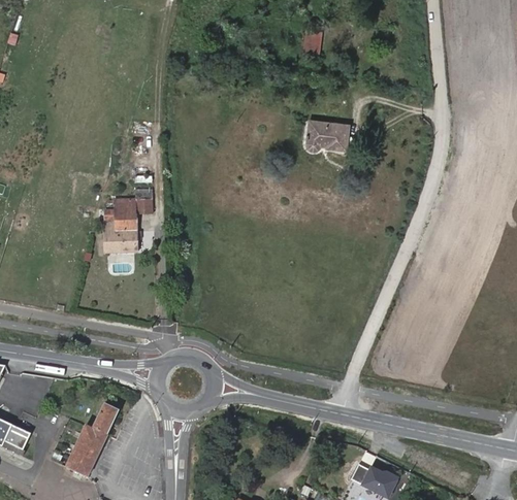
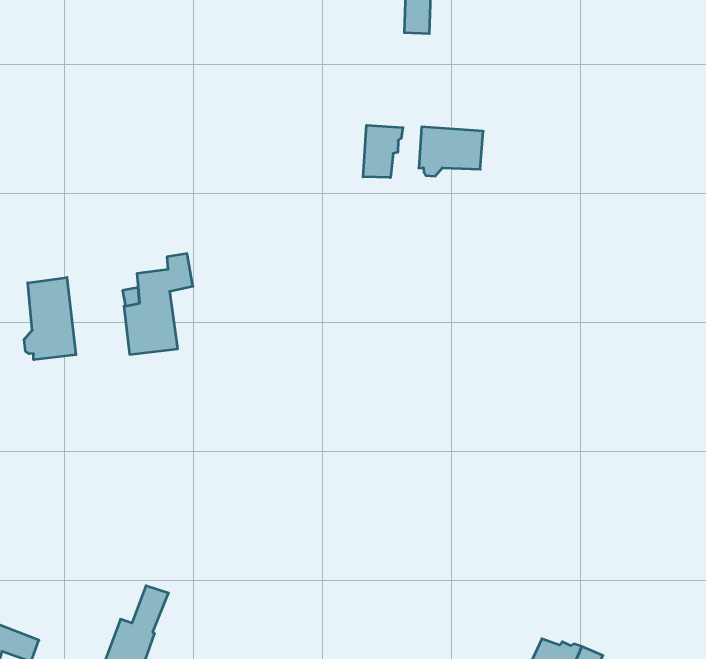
building: none -> [363,125,403,178]
building: none -> [24,277,76,360]

